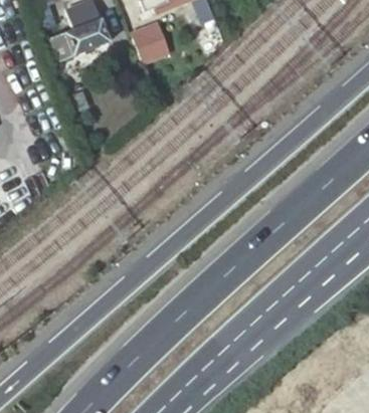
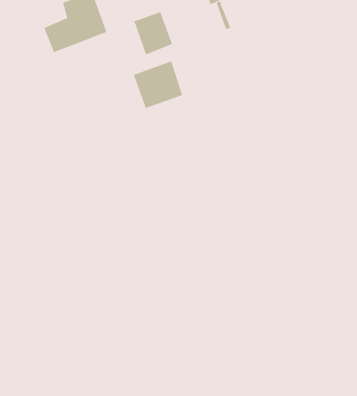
building: none -> [133,60,183,109]

